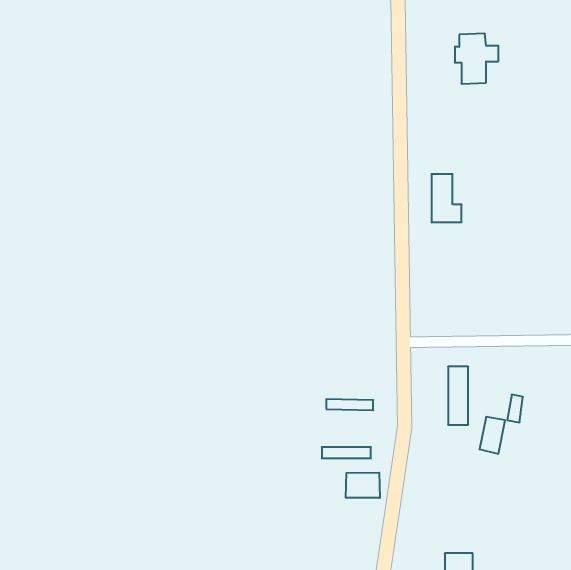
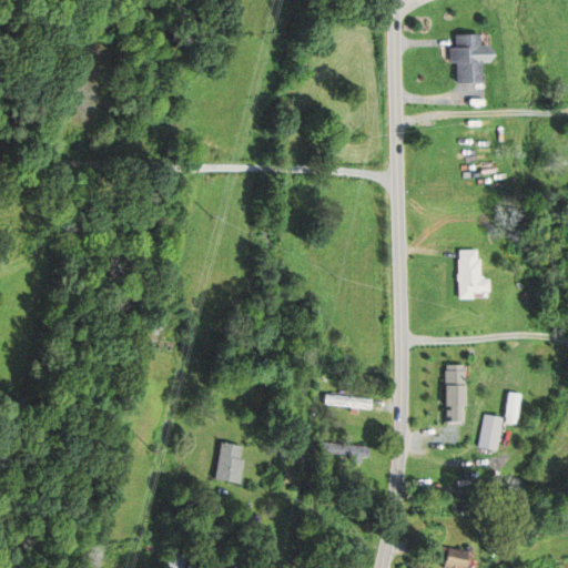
building: [431,174,462,222] -> [460,251,490,298]
building: none -> [216,444,244,483]
building: [346,473,380,498] -> none

